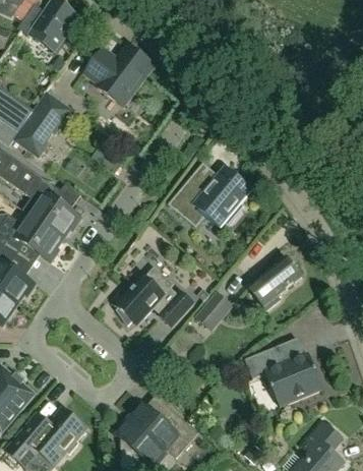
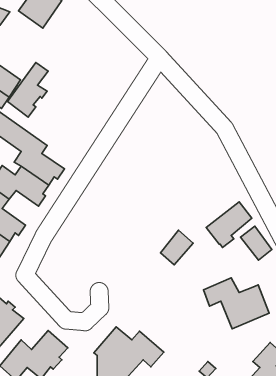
building: [85,44,155,106] -> none
building: [169,167,250,226] -> none
building: [115,267,192,326] -> none
building: none -> [240,226,272,260]

